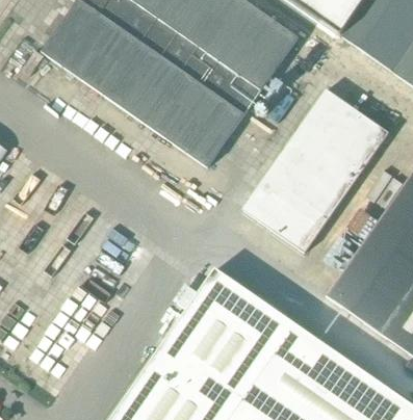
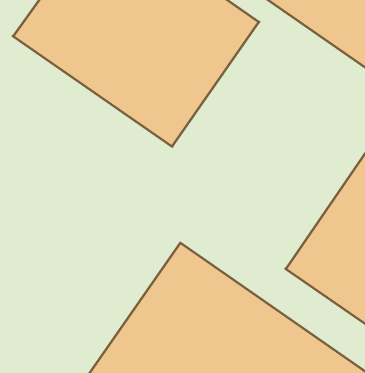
building: [241,88,388,253] -> none

